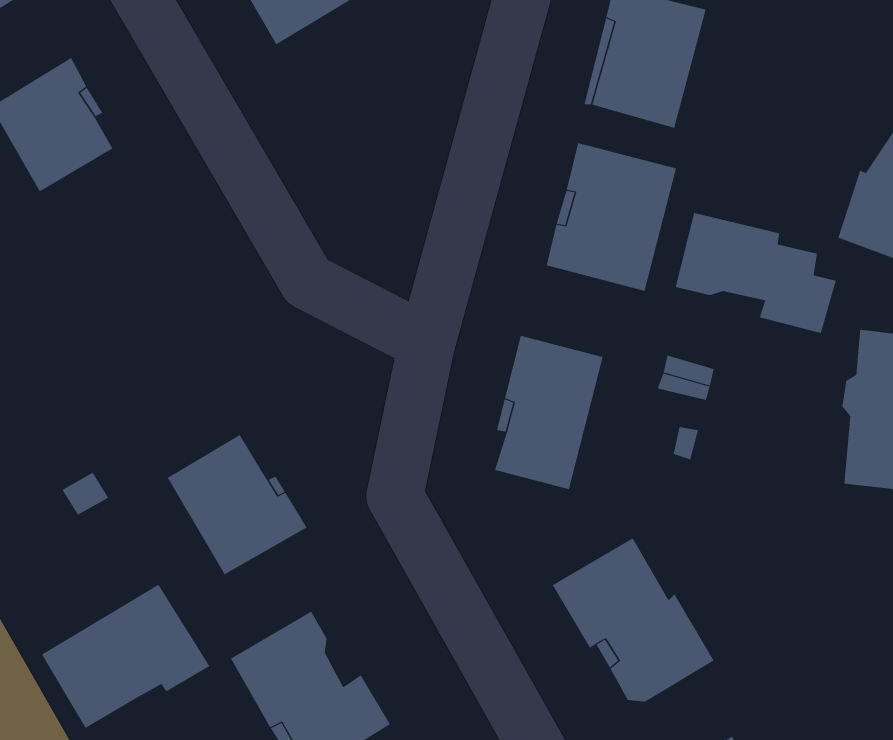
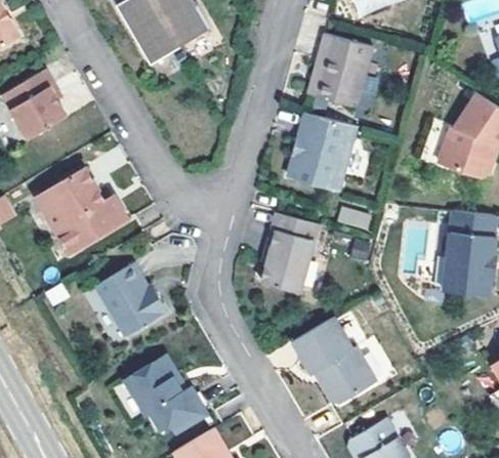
building: [675,212,836,334] -> none
building: none -> [34,169,125,254]
building: [41,584,210,729] -> none

